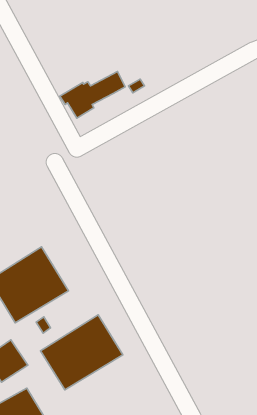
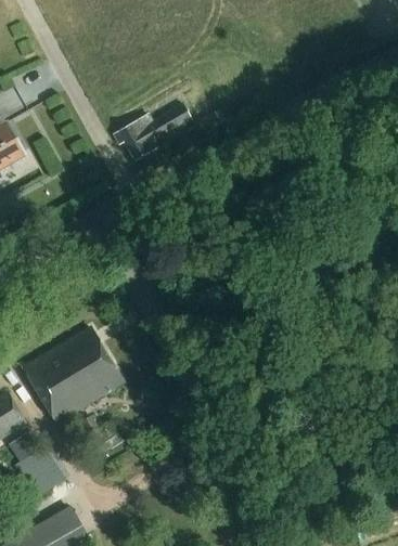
building: [40,315,123,390] -> none

